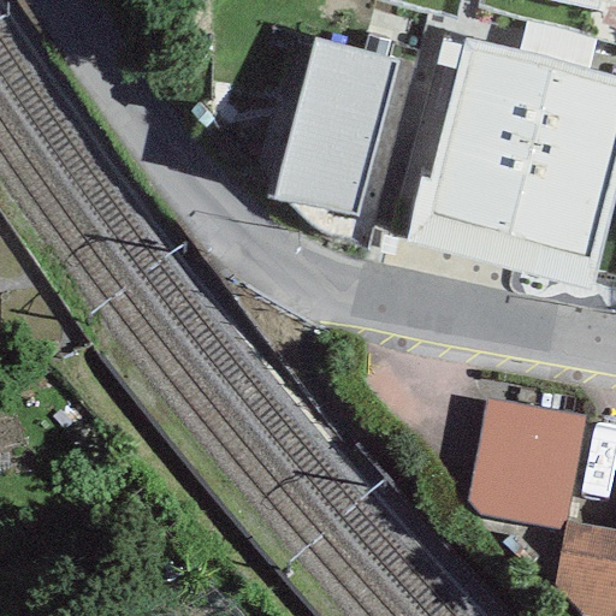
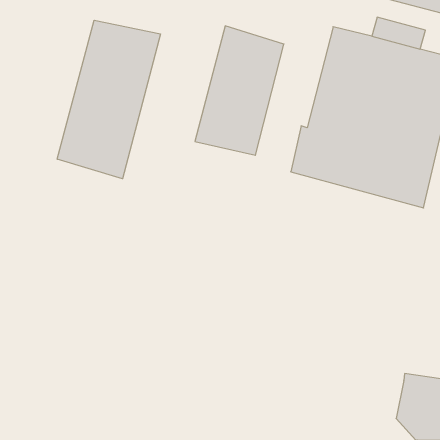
building: none -> [57,20,160,179]
building: [467,398,586,531] -> none

